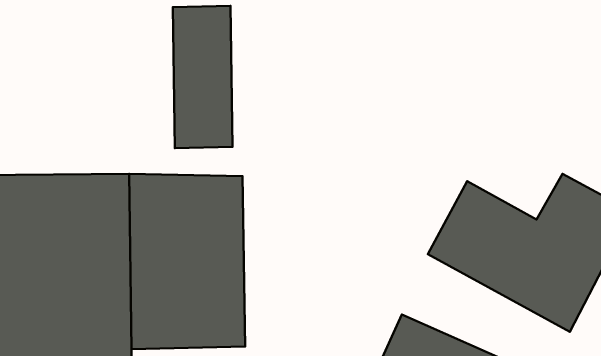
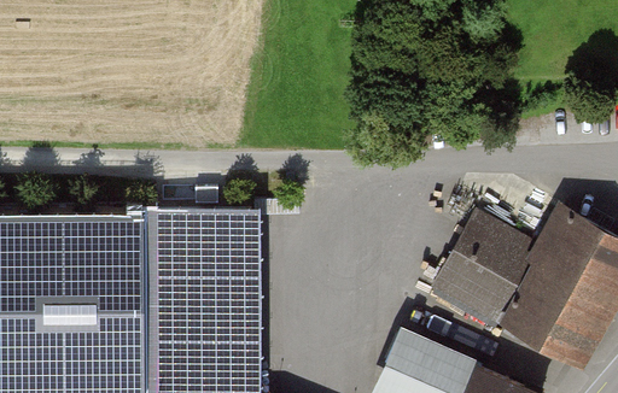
building: [173,6,232,148] -> none

